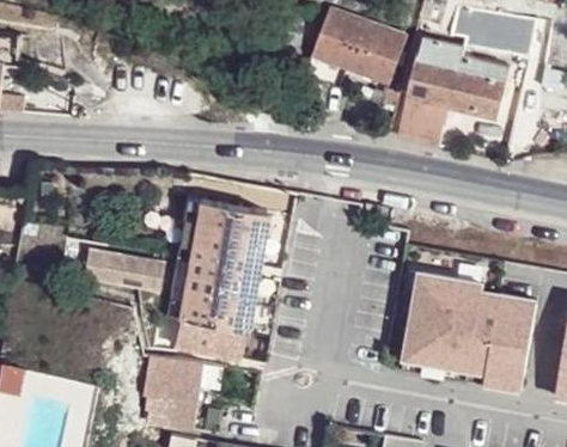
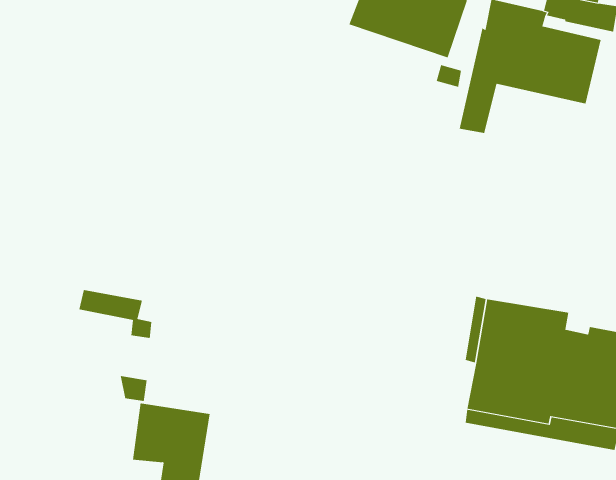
building: [175,198,264,356] -> none

